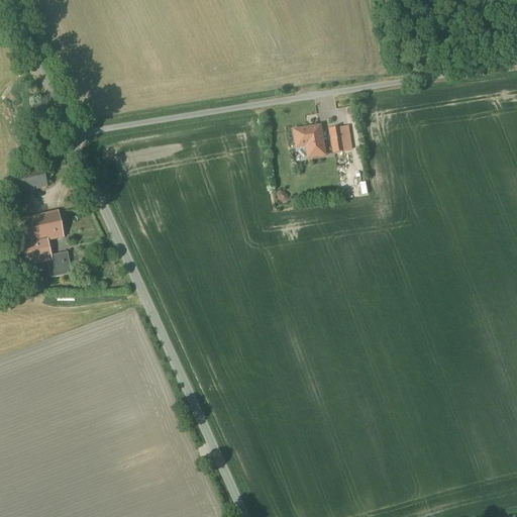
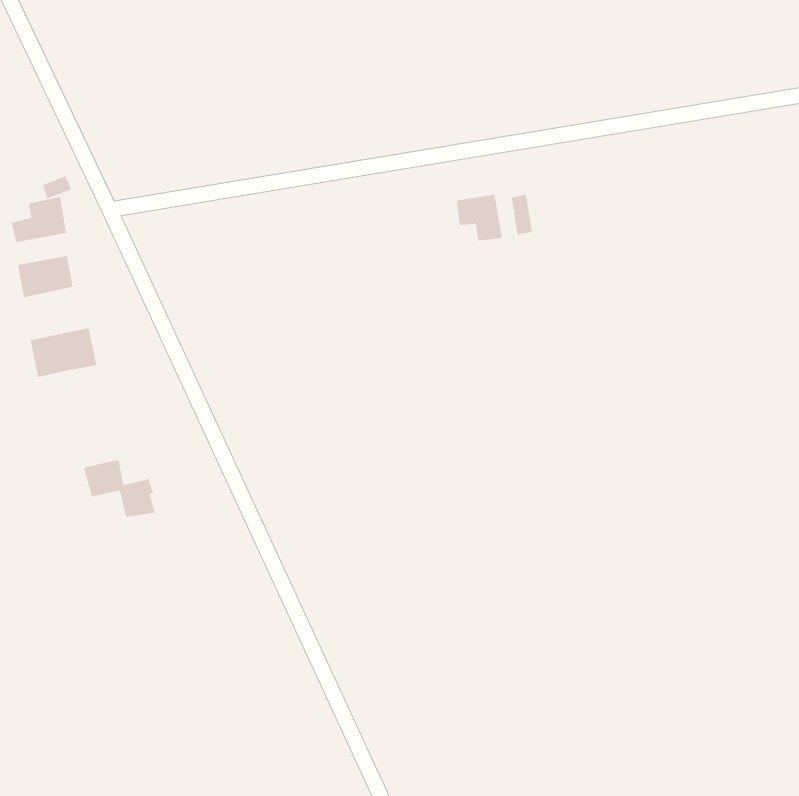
building: none -> [11,196,66,243]
building: [25,238,72,276] -> [83,460,155,518]

